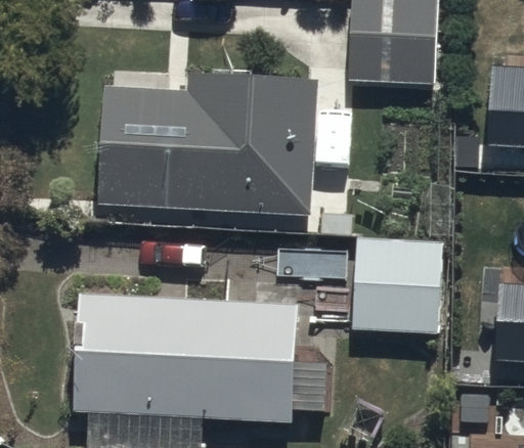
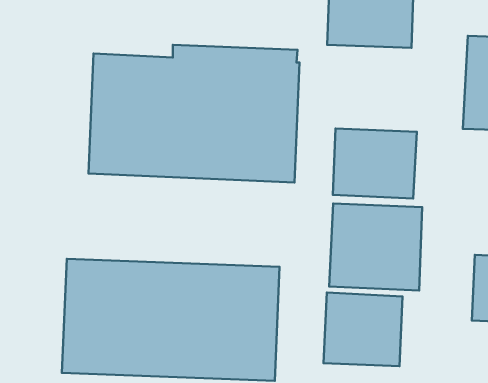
building: none -> [333,128,417,198]
building: none -> [324,292,402,366]

